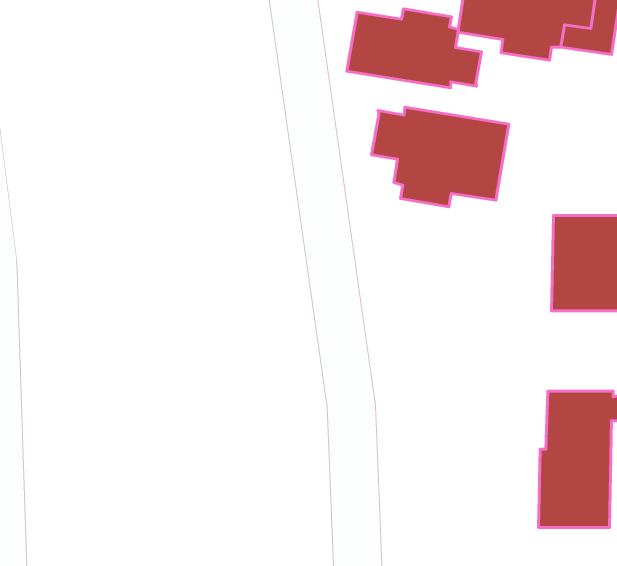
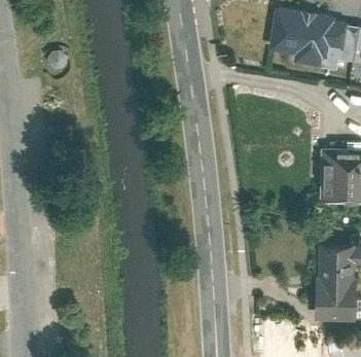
building: [347,9,481,88] -> none
building: [372,107,509,207] -> none

